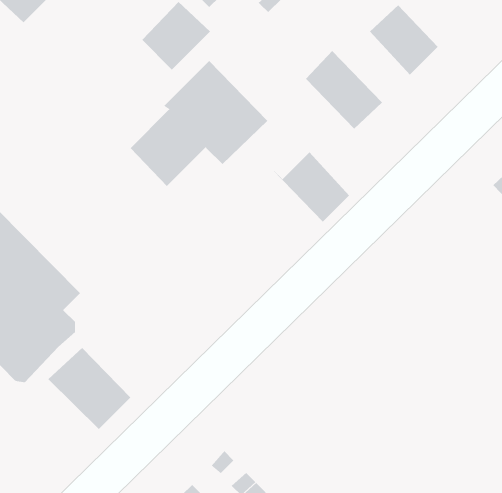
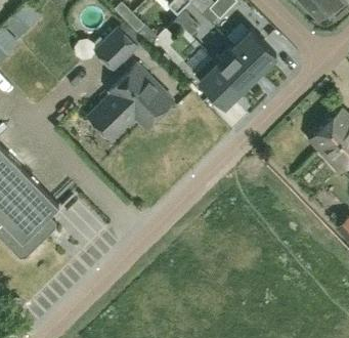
building: [272,152,350,223] -> [211,48,258,91]
building: [48,347,131,430] -> none

